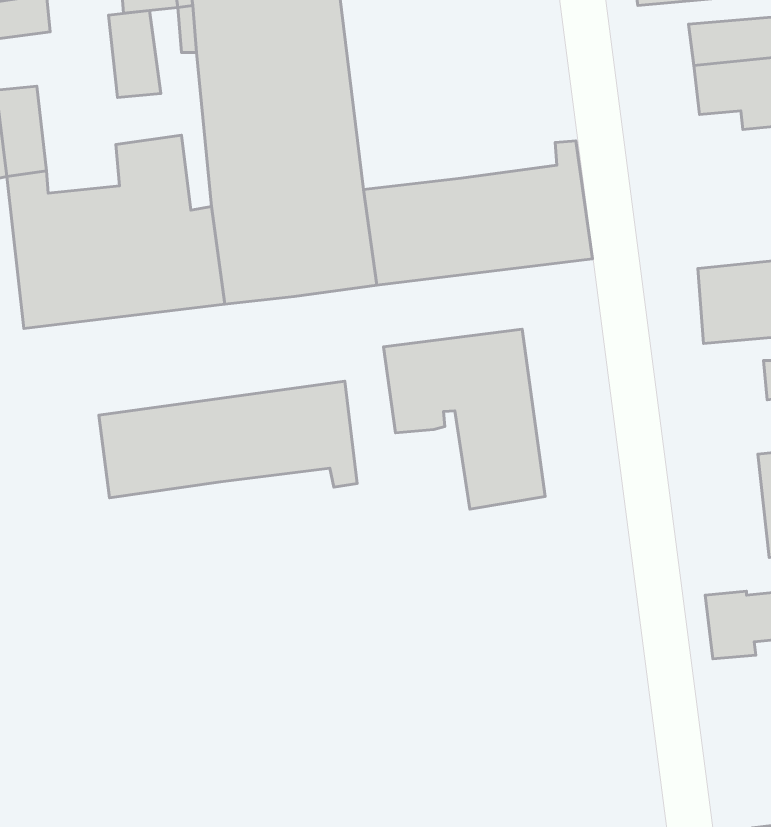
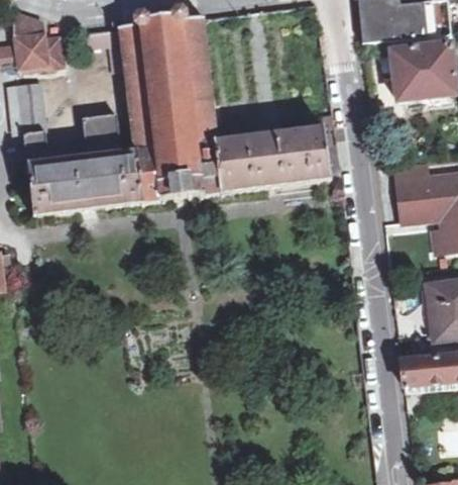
building: [108,10,161,98] -> none
building: [384,329,545,509] -> none
building: [99,381,357,498] -> none

